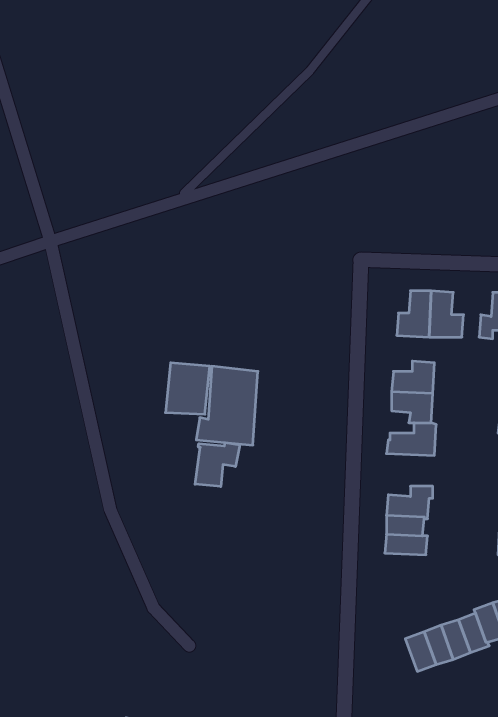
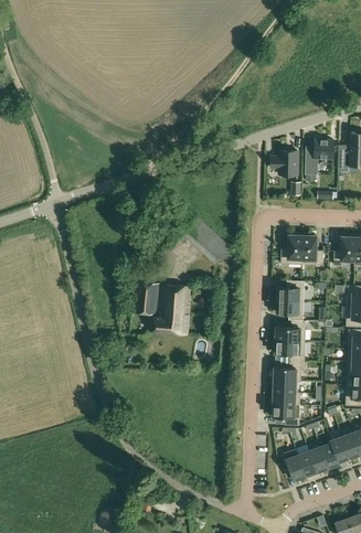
building: none -> [305,139,333,174]
building: none -> [270,149,296,174]
building: [195,443,240,487] -> none
building: none -> [274,340,305,361]
building: none -> [273,404,299,425]

